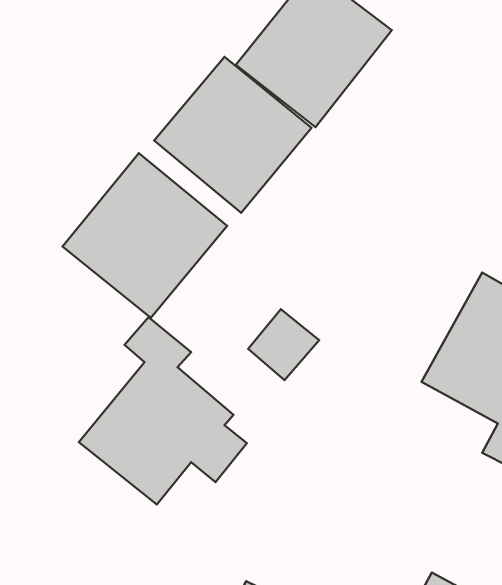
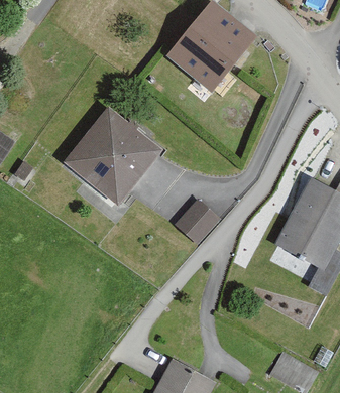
building: [154,57,311,213] -> none
building: [79,317,247,505] -> none

